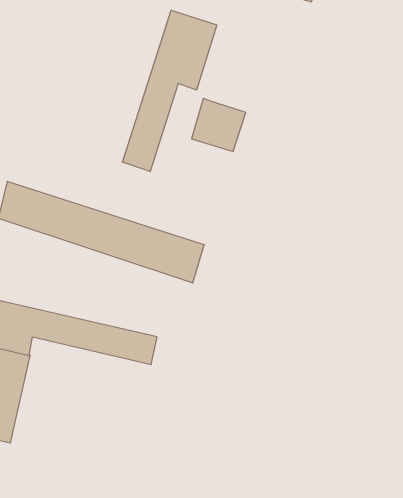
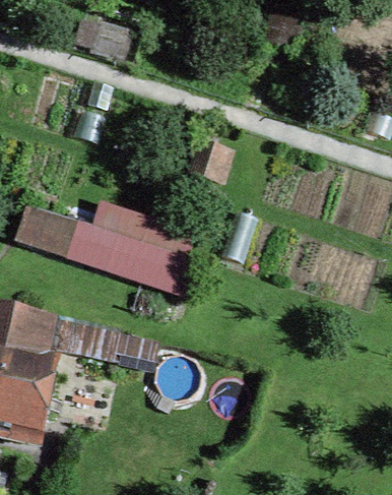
building: [122,10,217,172] -> none

